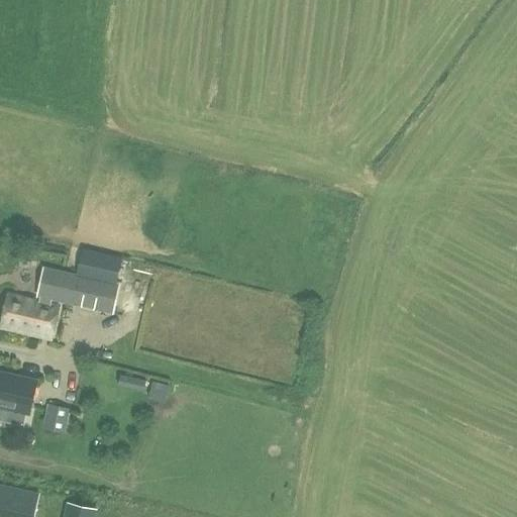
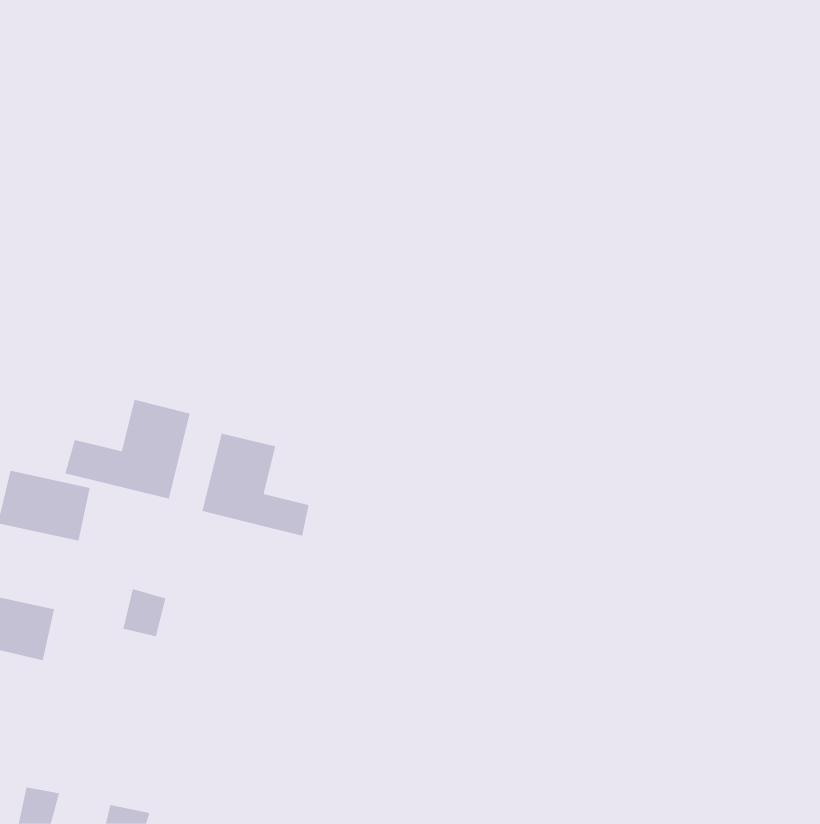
building: none -> [202,433,309,536]
building: [40,403,68,433] -> [122,588,166,637]

